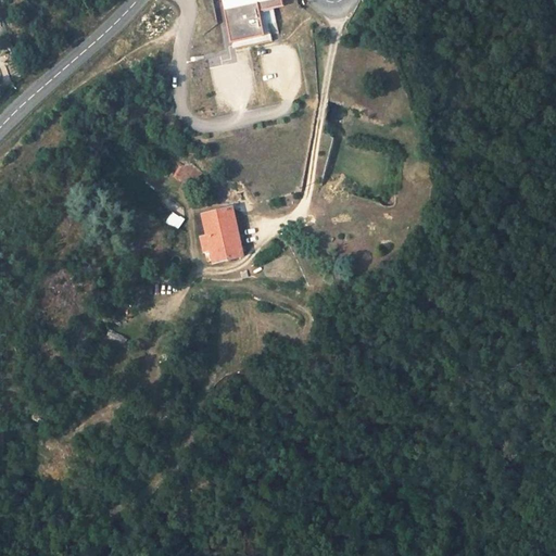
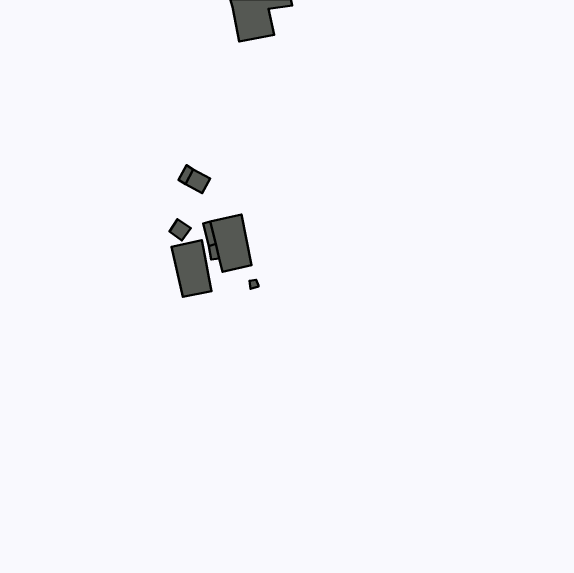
building: none -> [172,240,211,297]

